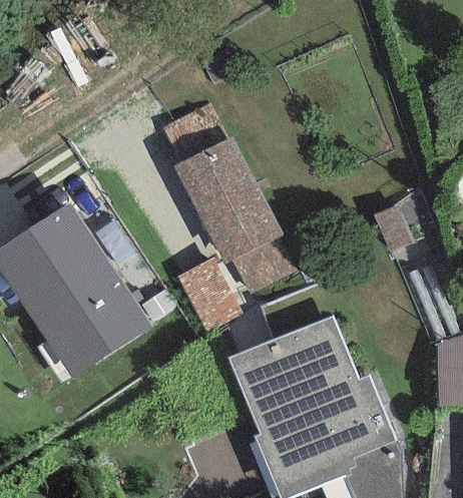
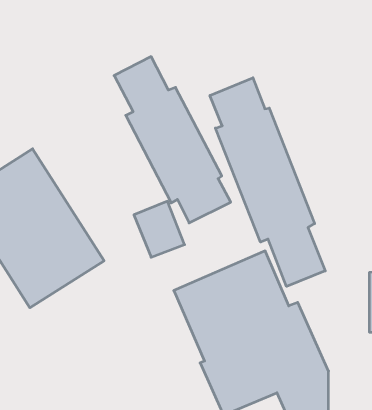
building: none -> [210,78,325,286]

